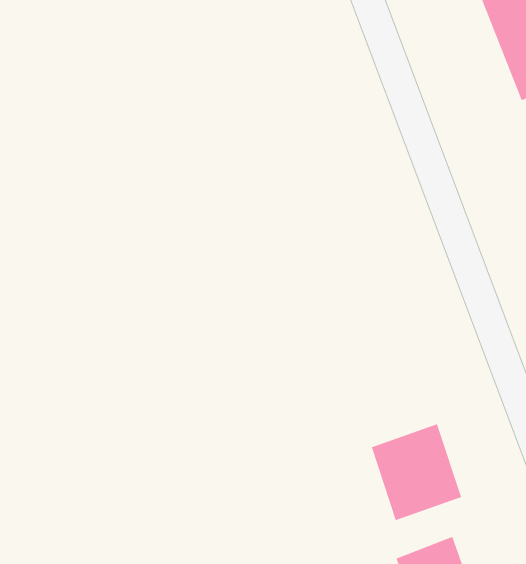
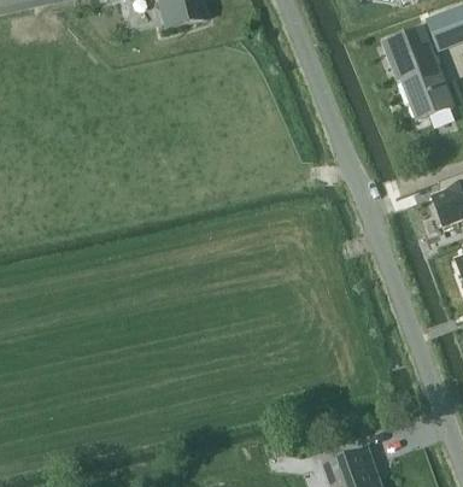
building: [371,423,462,521] -> none

